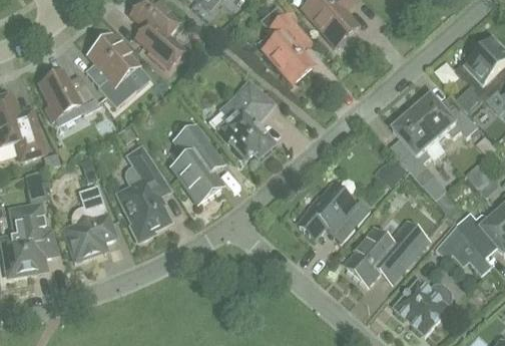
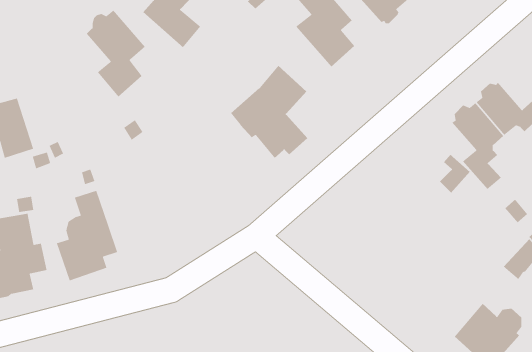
building: [39,71,101,120] -> none
building: [172,124,222,203] -> none
building: [118,145,170,238] -> none
building: [300,185,371,242] -> none
building: [347,226,429,284] -> none

